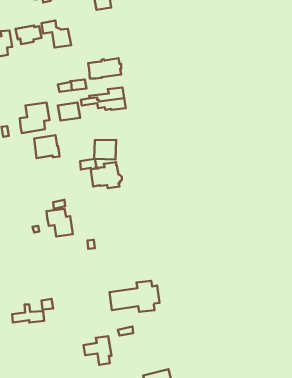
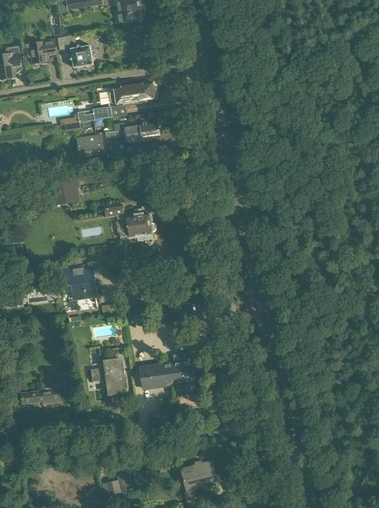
building: [20,102,49,133] -> none
building: [94,140,116,159] -> none
building: [84,336,111,365] -> [90,358,124,393]

